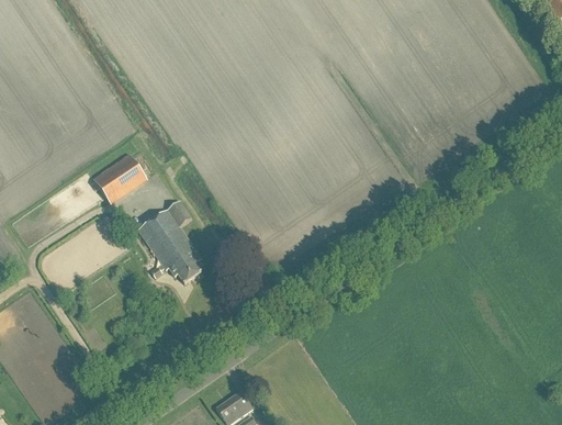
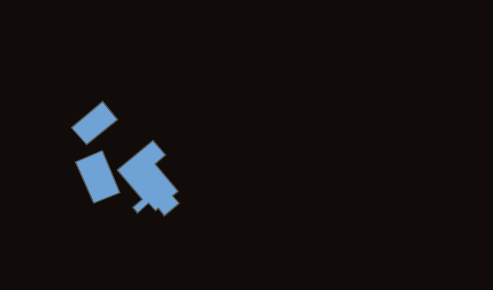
building: none -> [76,151,120,203]

